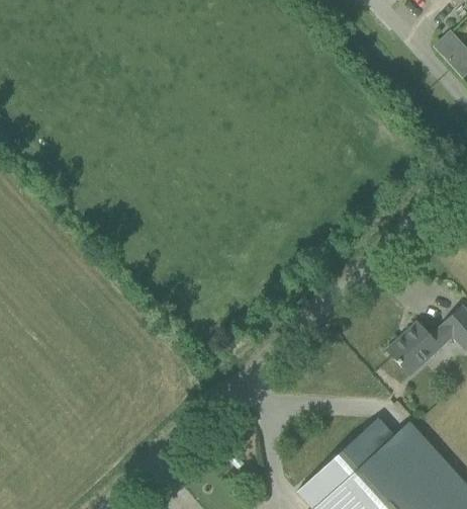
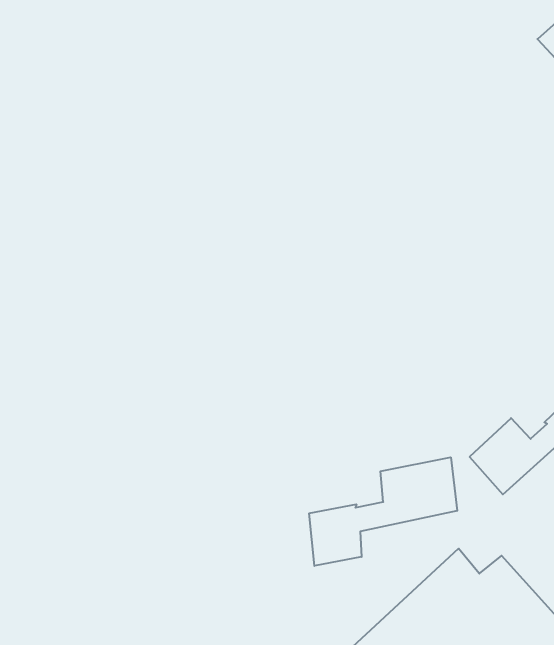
building: none -> [309,457,457,566]

